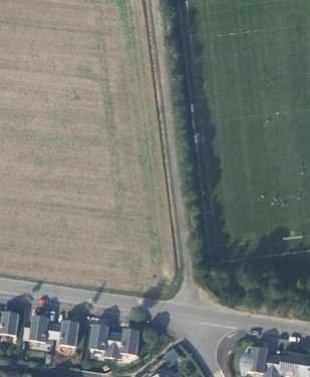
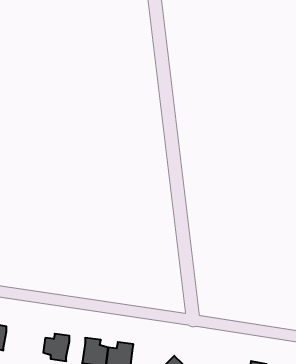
building: [29,318,54,344] -> none

